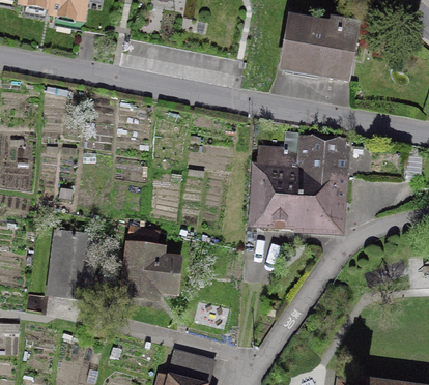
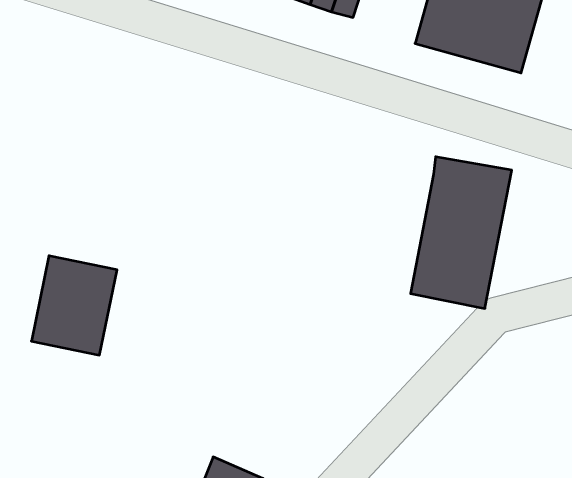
building: [251,145,299,228] -> none
building: [115,245,181,305] -> none

